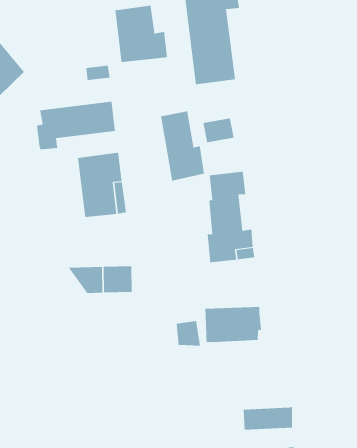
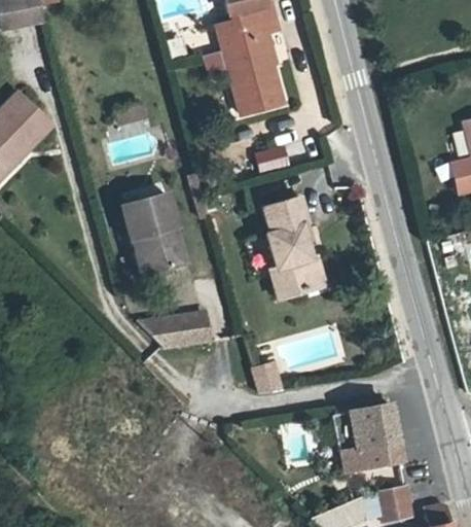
building: [115,5,168,63] -> none
building: [36,101,116,150] -> none
building: [160,111,204,181] -> none
building: [205,306,262,343] -> [323,405,387,451]

